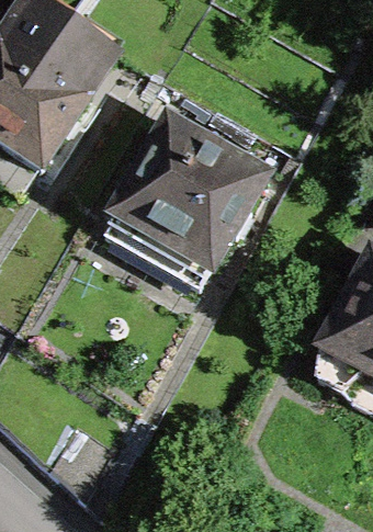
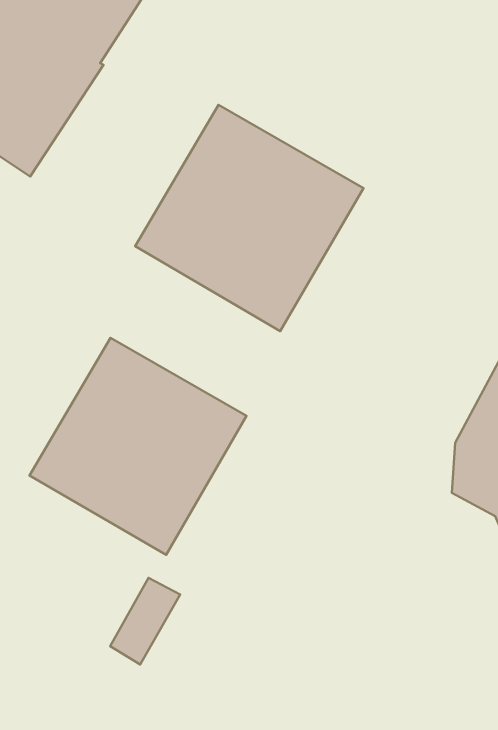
building: none -> [30,338,246,555]

